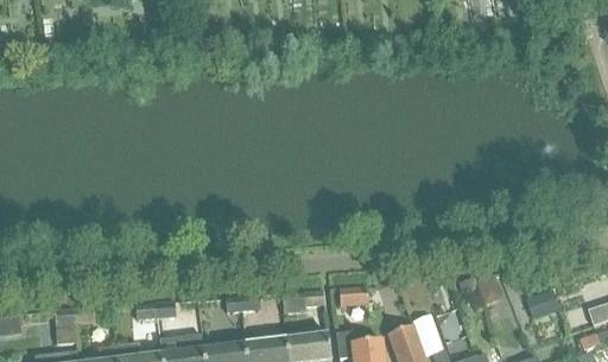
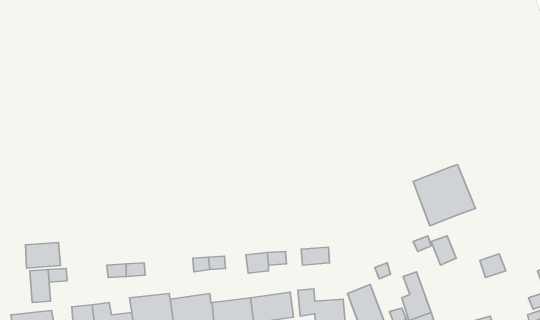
building: none -> [413,165,476,226]
building: none -> [25,242,61,268]

